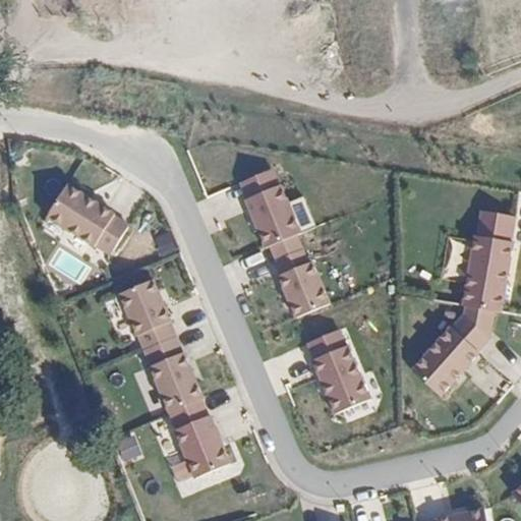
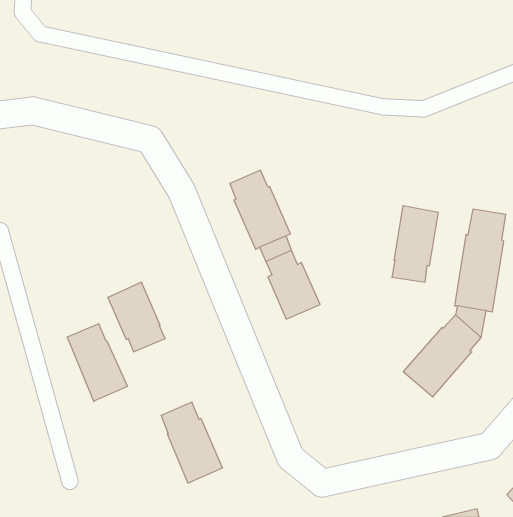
building: [46,184,127,254] -> none
building: none -> [392,206,438,282]
building: [307,329,370,412] -> none
building: [143,336,204,413] -> [67,324,128,402]

